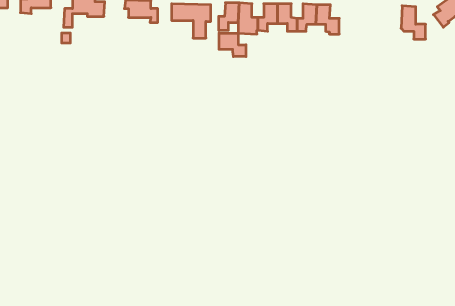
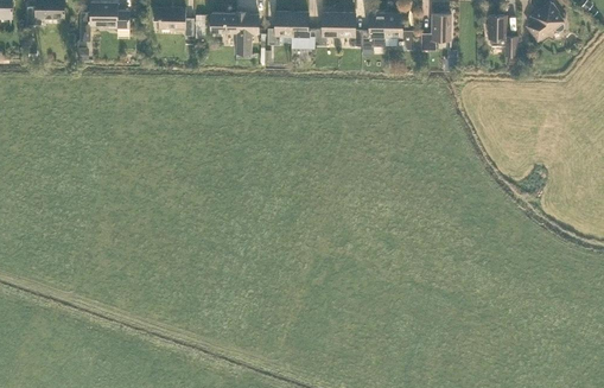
building: none -> [420,13,451,49]
building: [219,33,246,57] -> none

